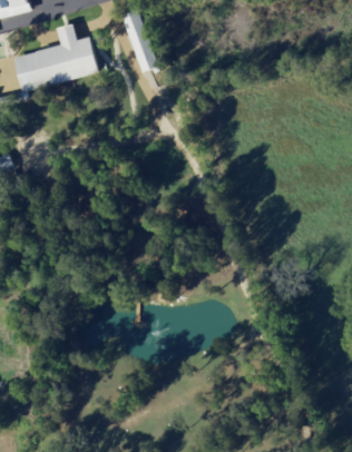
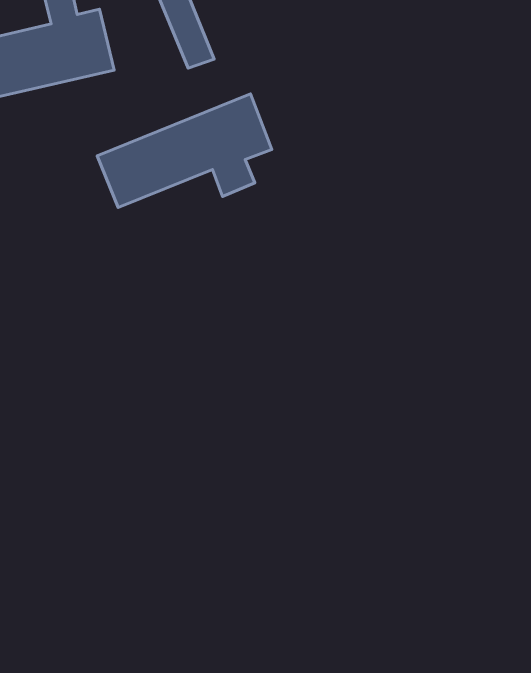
building: none -> [97,94,272,207]

